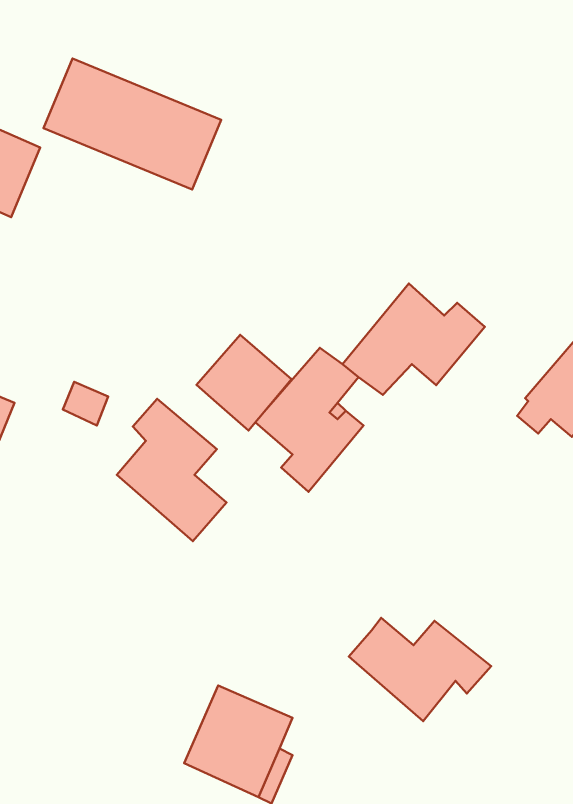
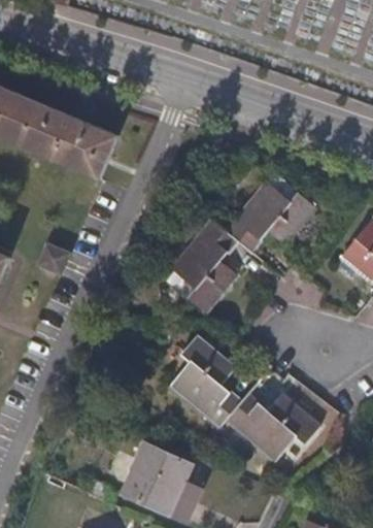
building: [43,59,221,189] -> [11,97,125,180]
building: [196,335,291,430] -> none
building: [117,399,227,541] -> [171,339,241,430]

